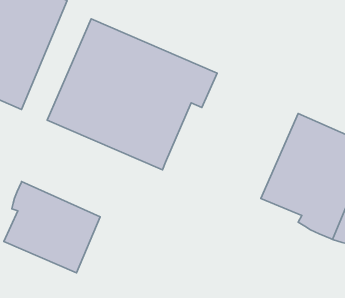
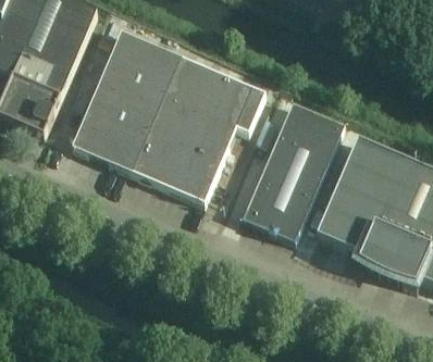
building: none -> [242,103,343,240]
building: [4,181,100,273] -> none

